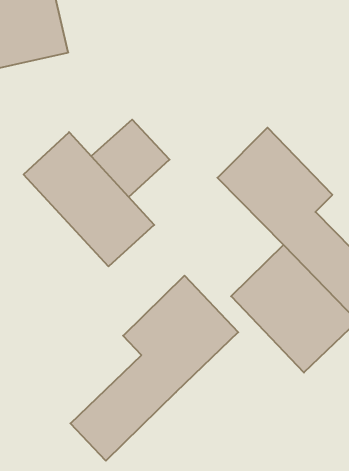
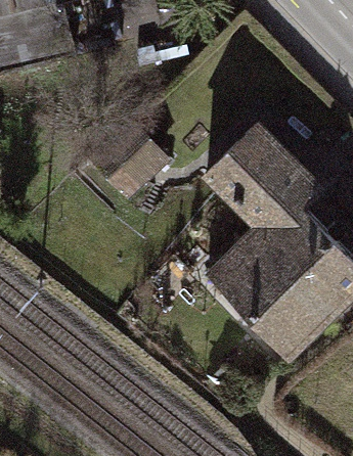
building: [24,132,154,266] -> none
building: [70,276,238,461] -> none

